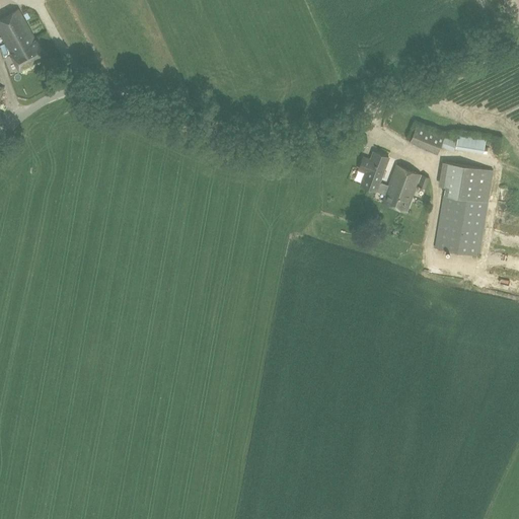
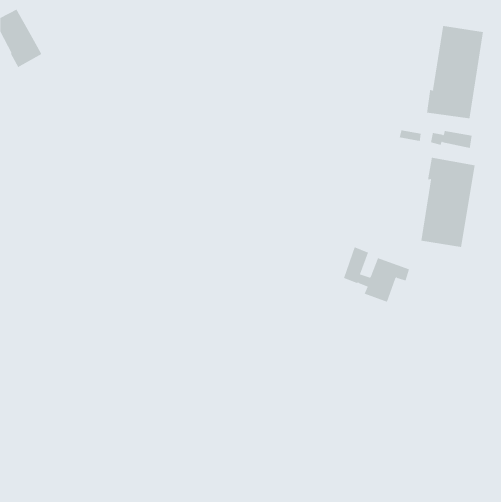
building: none -> [426,25,483,119]
building: [360,153,429,211] -> [343,247,410,303]

